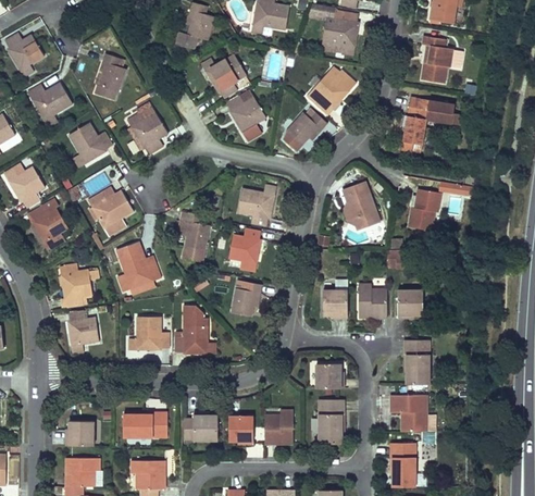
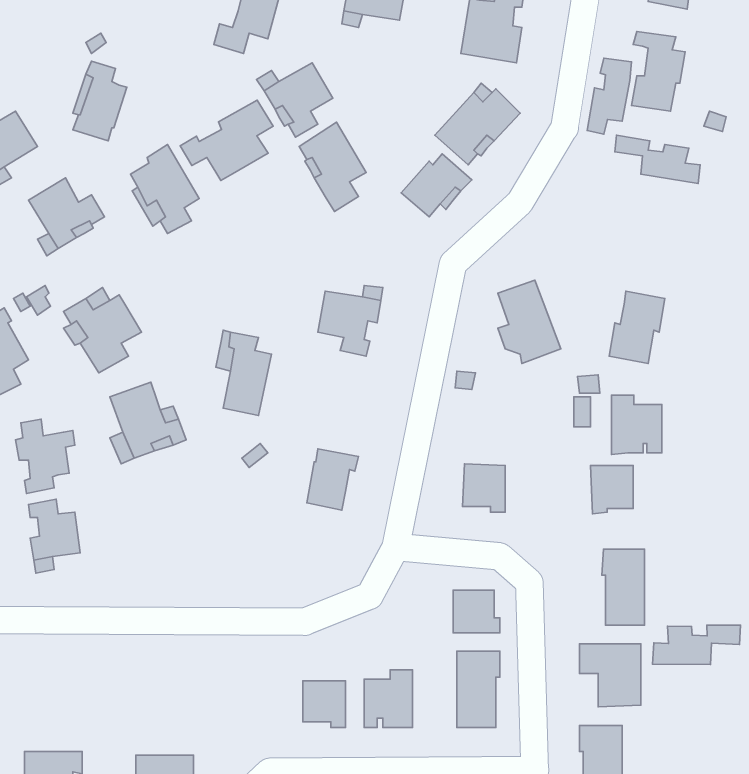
building: none -> [180,100,273,181]
building: [401,107,427,151] -> [587,58,632,134]
building: [228,228,260,272] -> none
building: [358,284,387,319] -> [612,395,662,455]
building: [174,305,208,354] -> none
building: [128,317,169,349] -> none
building: none -> [653,625,740,664]
building: [123,412,166,437] -> none
building: [183,412,217,441] -> none
building: [65,421,94,445] -> none

